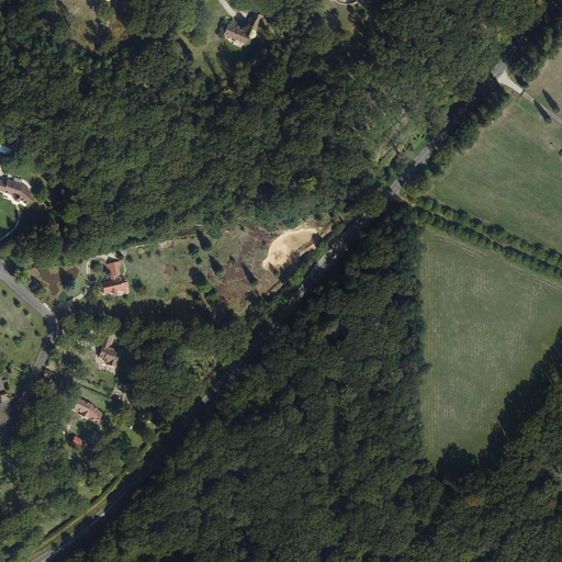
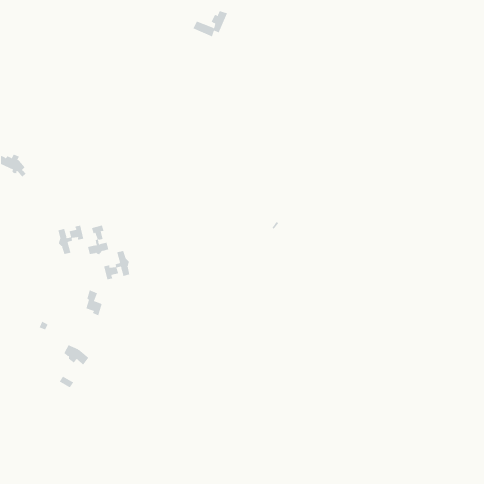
building: none -> [58,225,84,255]
building: none -> [104,250,130,280]

